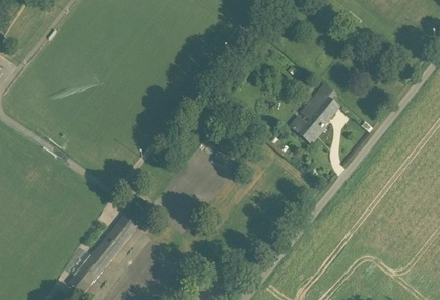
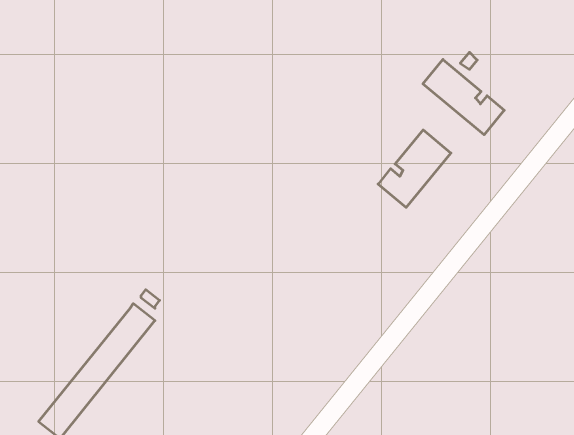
building: none -> [423,59,504,135]

